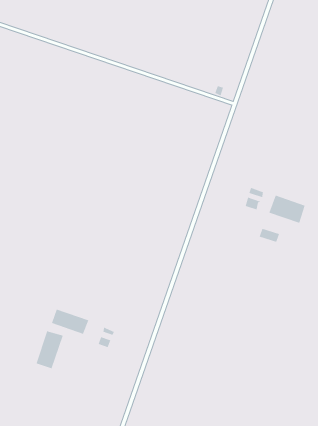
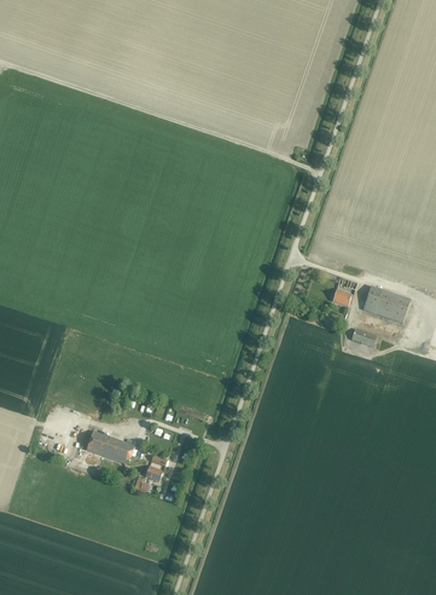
building: [36,330,64,369] -> none

